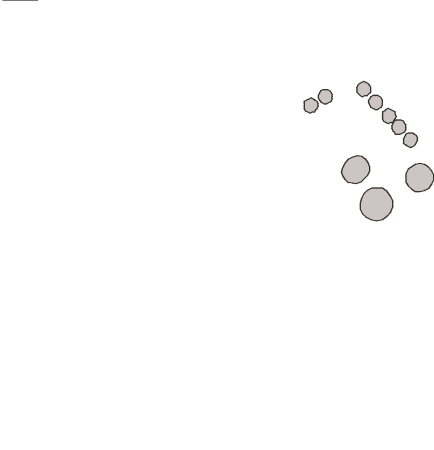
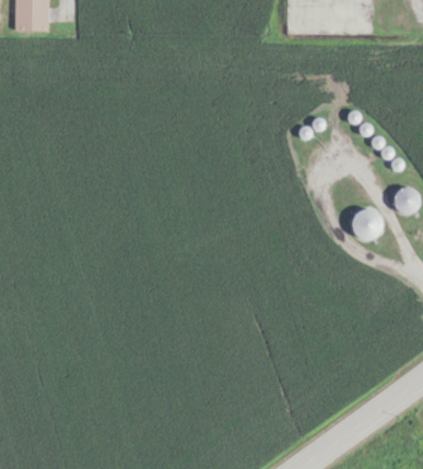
building: [342,156,369,184] -> none

